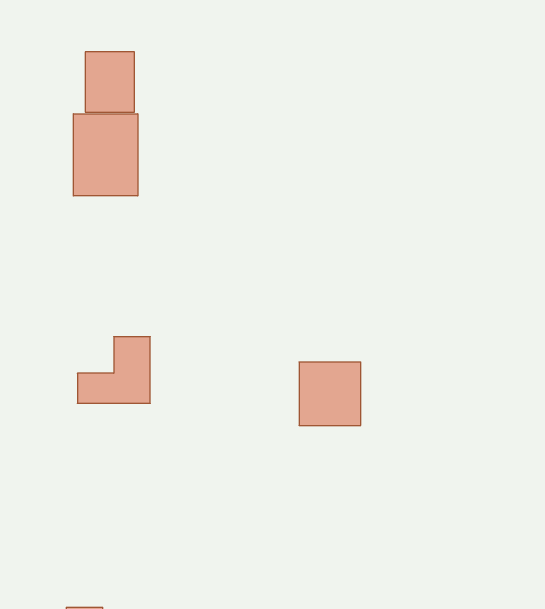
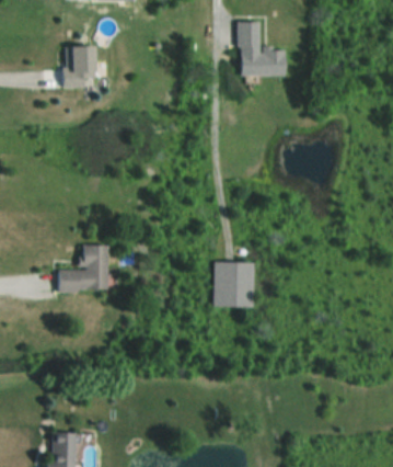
building: none -> [236,22,287,77]
building: [73,114,138,196] -> none

